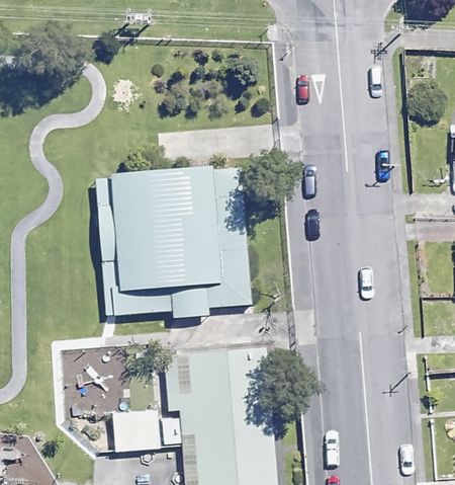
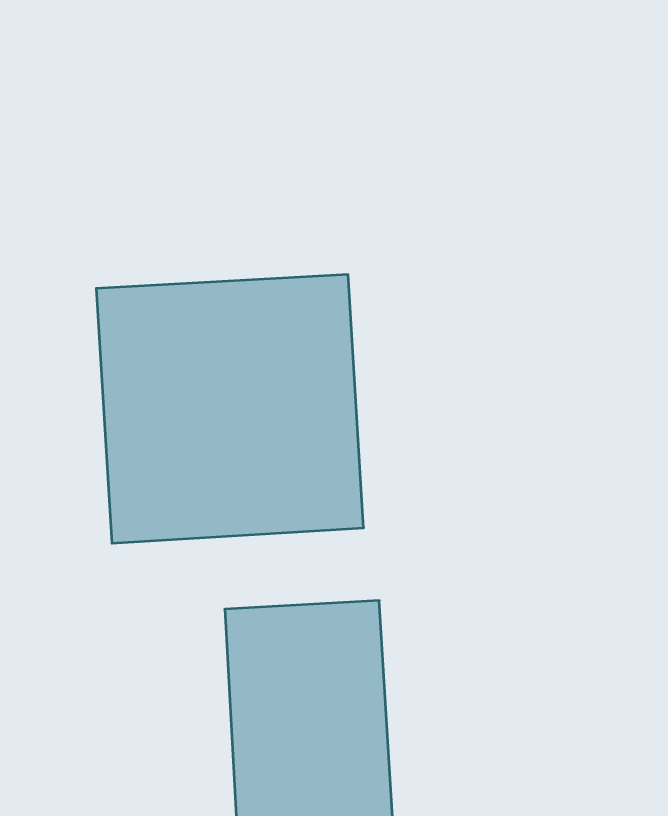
building: [111,416,160,452] -> none

